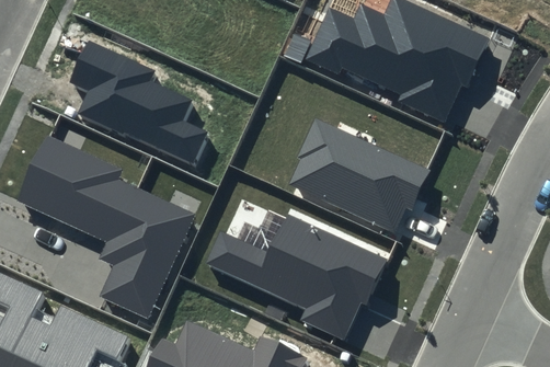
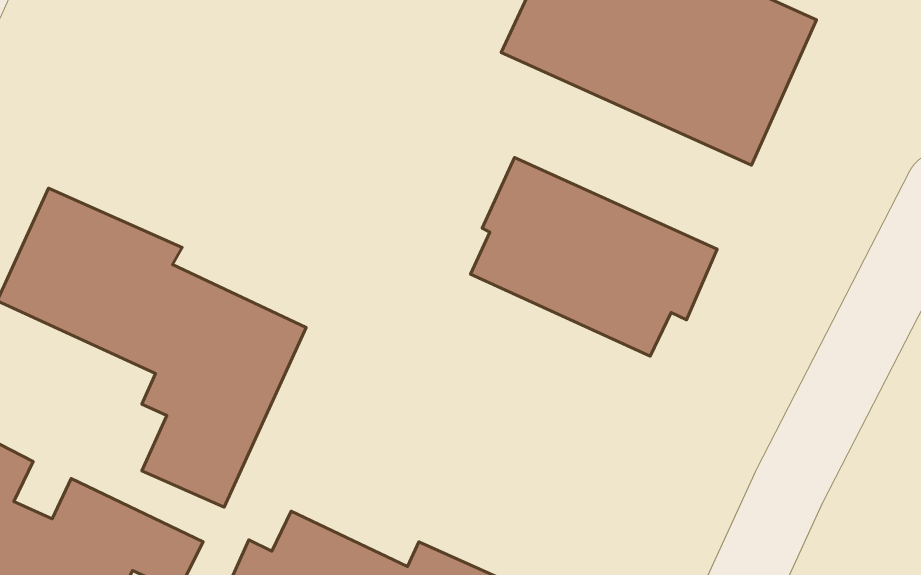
building: [68,39,213,170] -> none
building: [206,213,388,340] -> none

